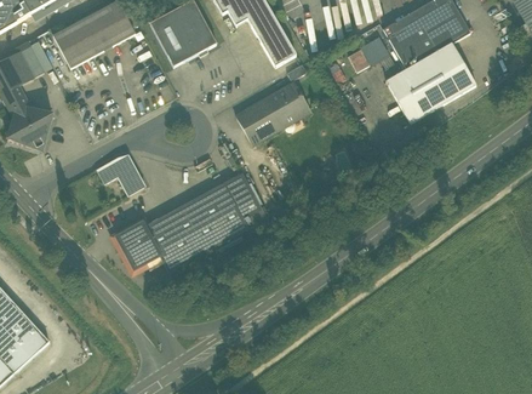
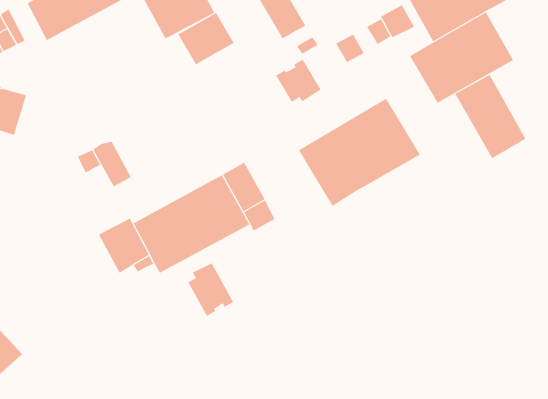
building: none -> [455,74,526,159]
building: [234,97,284,143] -> [177,12,235,65]
building: none -> [298,98,421,207]
building: none -> [185,263,234,317]

